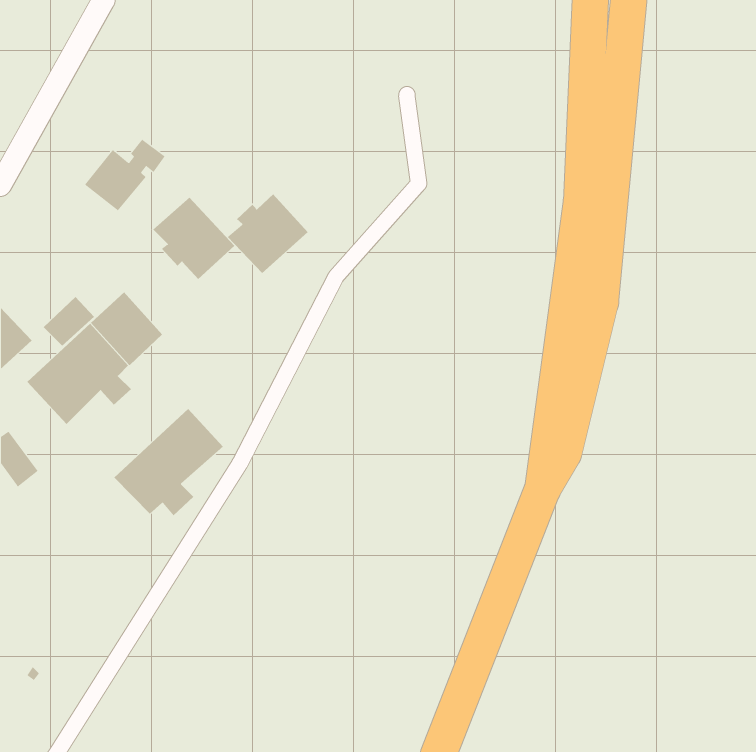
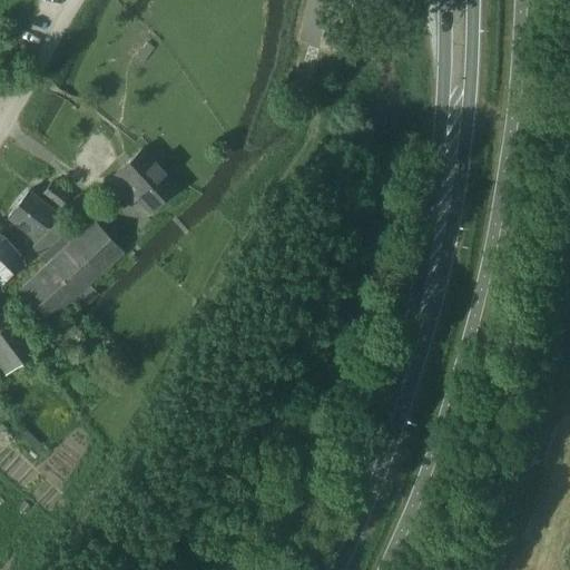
building: [84,139,166,211] -> [8,185,69,239]
building: [227,194,309,274] -> none
building: [114,408,224,516] -> none

